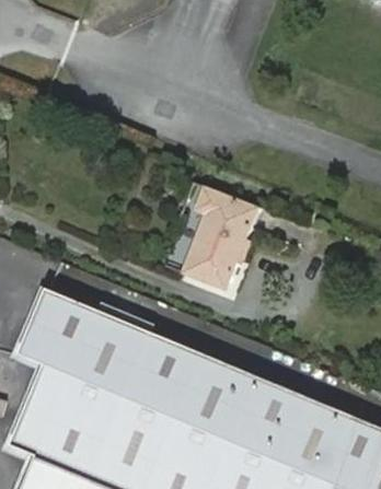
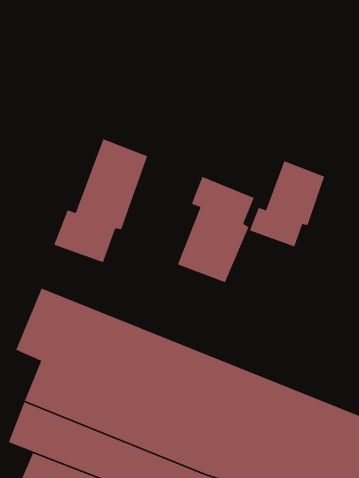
building: none -> [53,138,148,263]
building: none -> [249,160,325,247]

